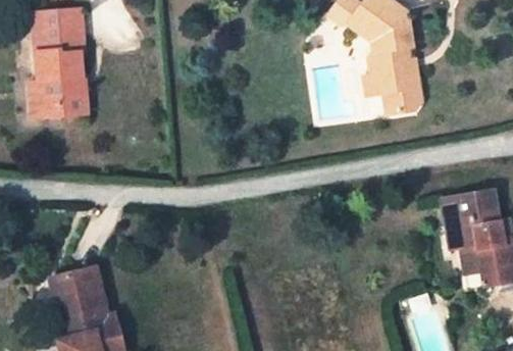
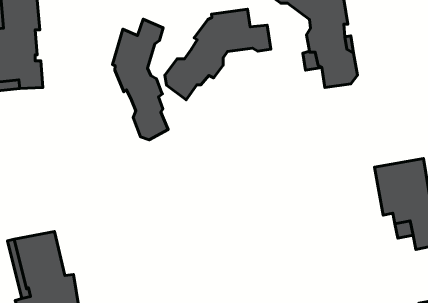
building: none -> [165,9,271,100]
building: none -> [113,19,168,140]

